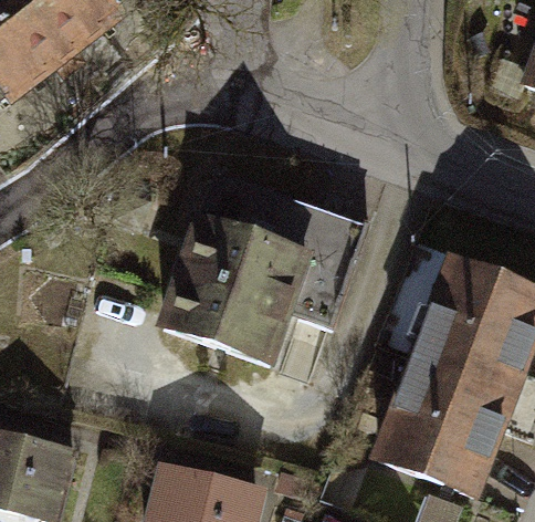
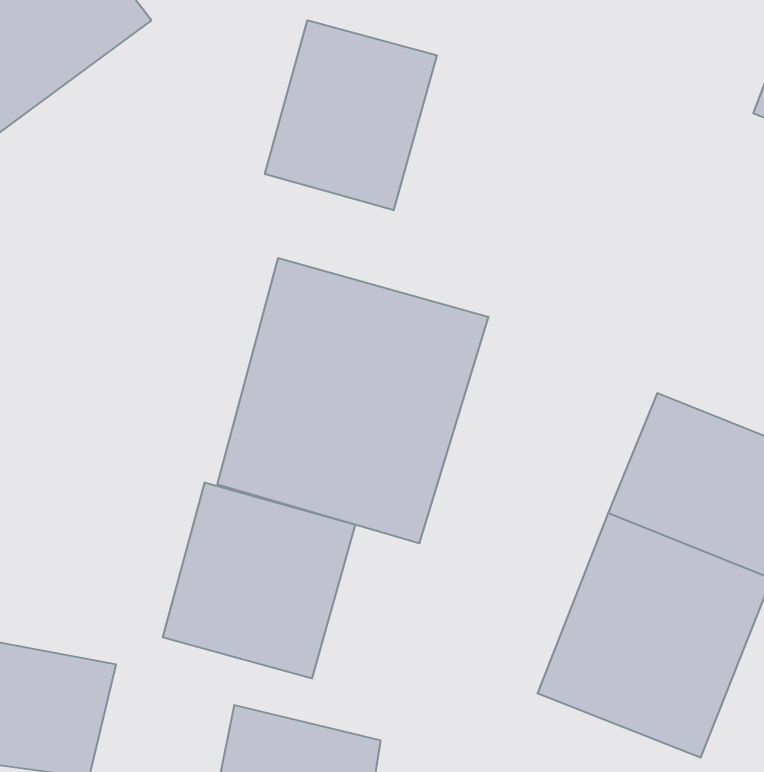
building: none -> [265,20,437,210]
building: none -> [163,482,355,679]

